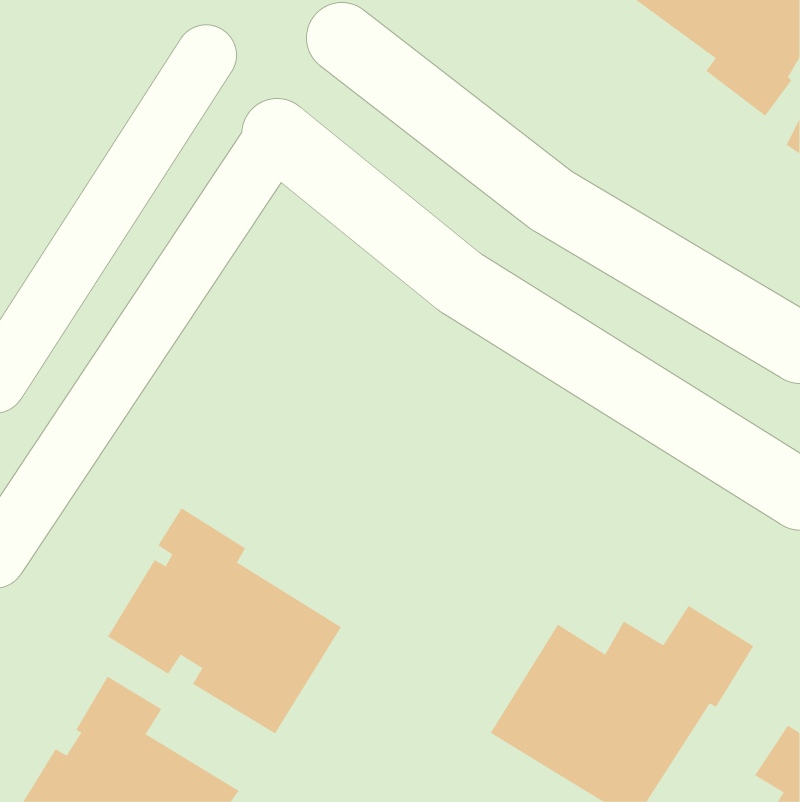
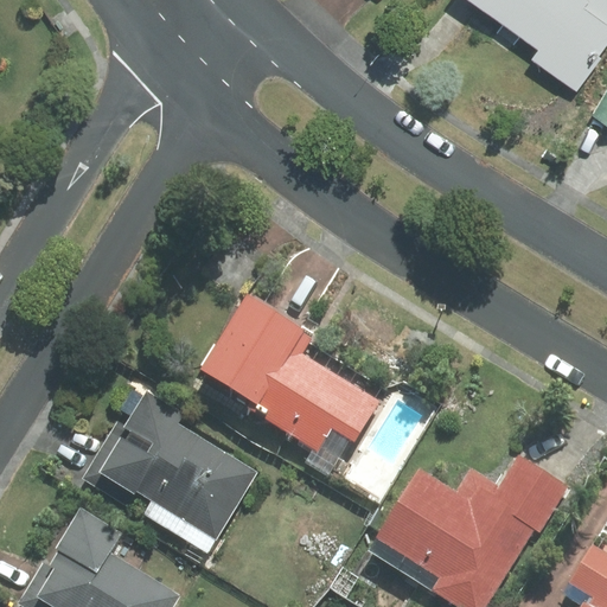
building: none -> [203,295,379,452]

